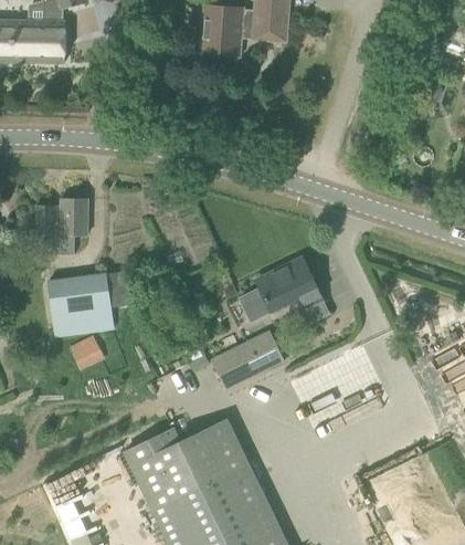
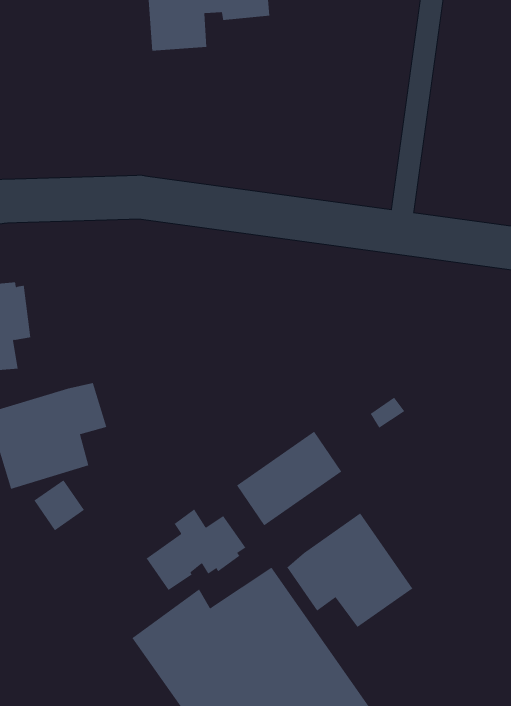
building: [241,259,329,323] -> none
building: none -> [146,508,246,591]
building: none -> [286,512,413,628]

